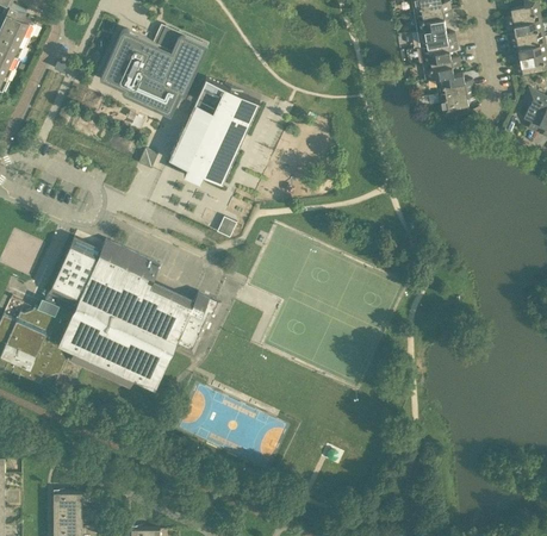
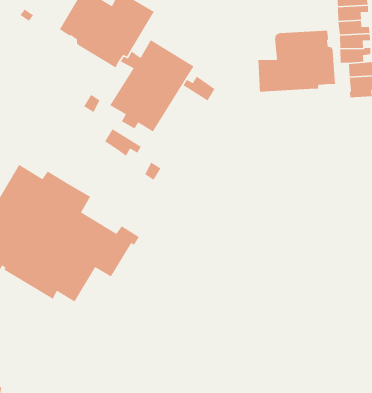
building: none -> [258,30,336,92]
building: none -> [183,75,216,101]
building: none -> [104,128,142,157]

